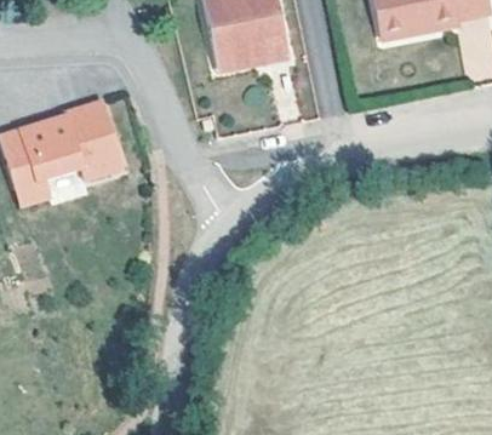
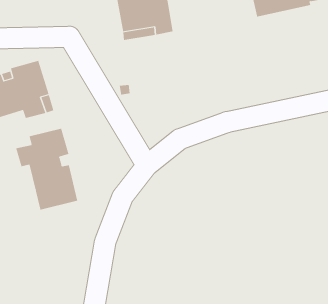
building: none -> [15,128,78,211]

